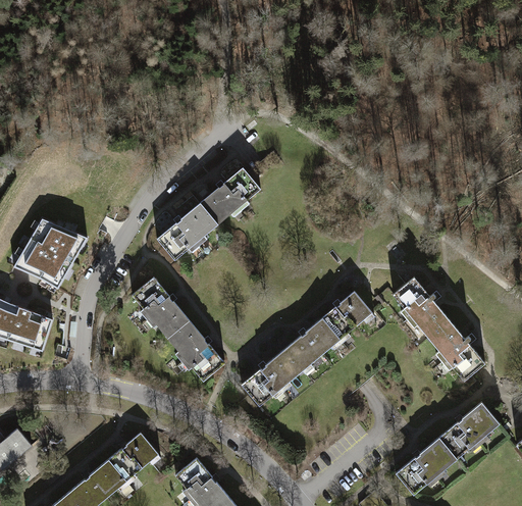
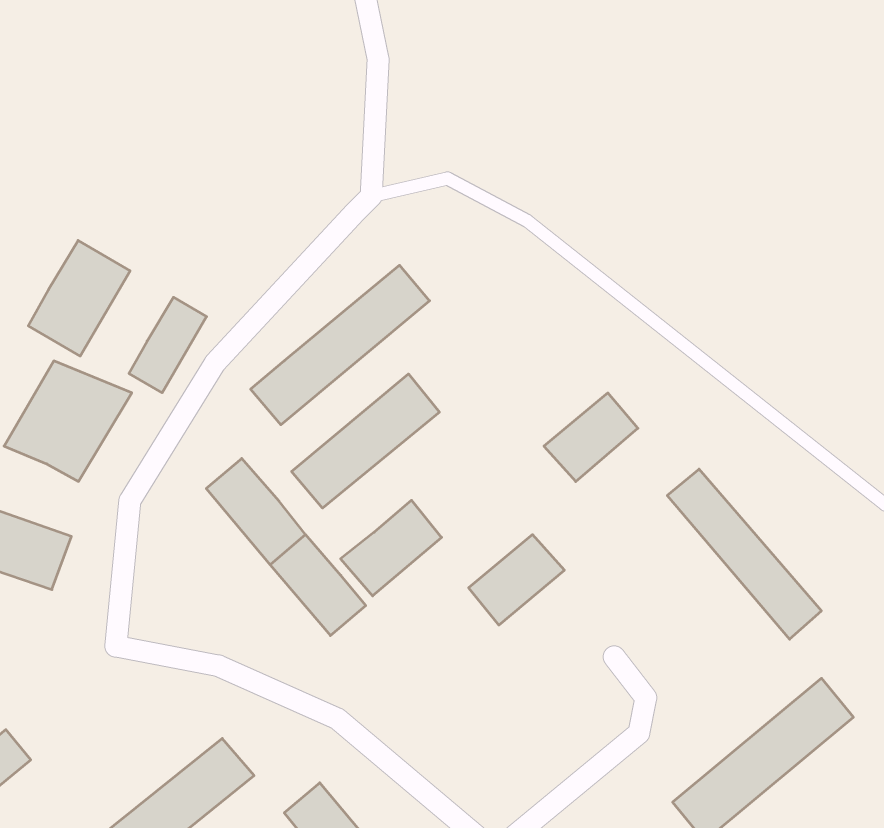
building: none -> [28,240,130,356]
building: none -> [129,297,207,393]
building: none -> [292,374,439,508]
building: [318,289,372,340] -> [544,393,638,482]
building: [241,350,299,405] -> [341,500,442,596]

